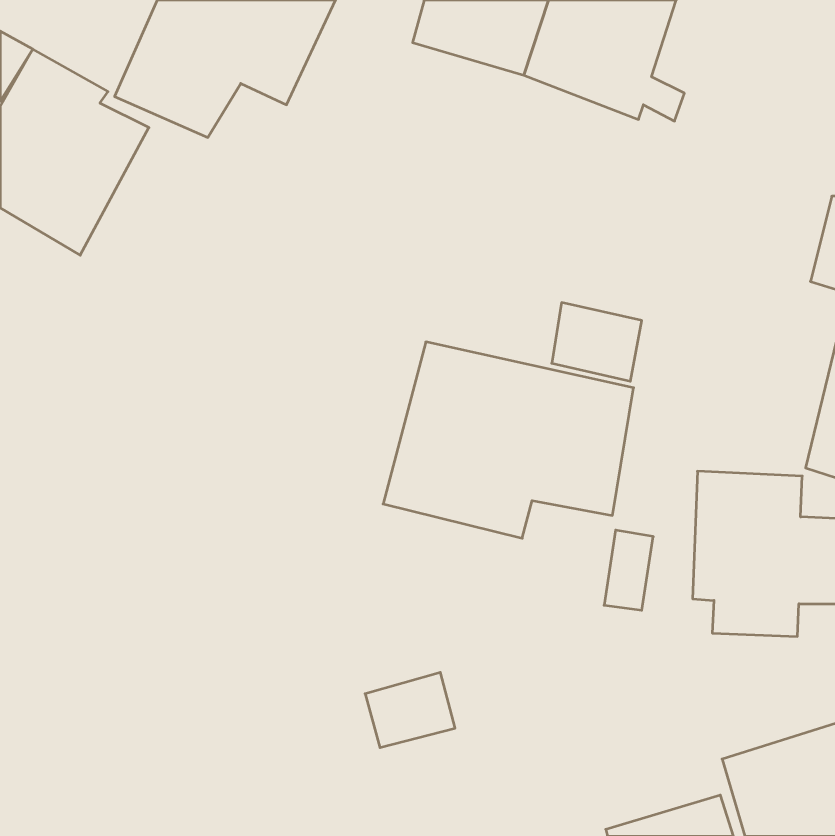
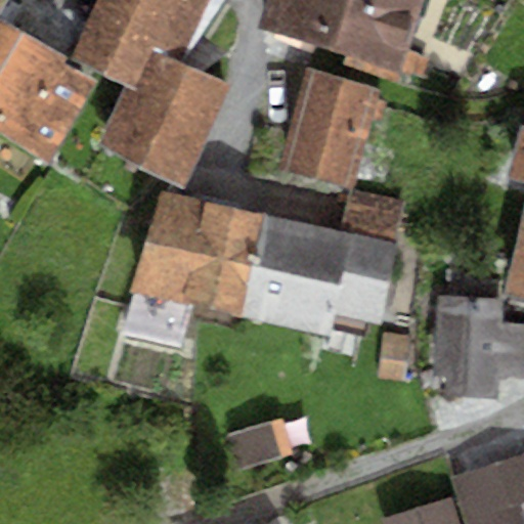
building: none -> [100,52,232,186]
building: none -> [281,69,387,183]
building: none -> [122,190,267,340]

